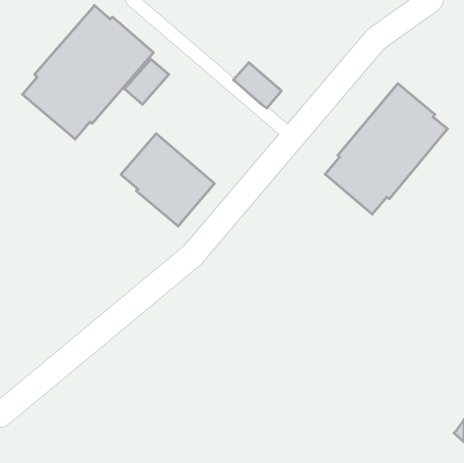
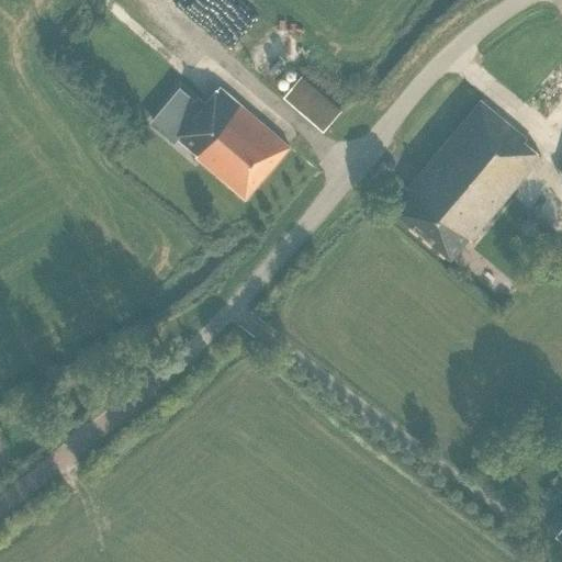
building: [22,5,153,139] -> none
building: [121,134,214,226] -> [177,88,290,200]

